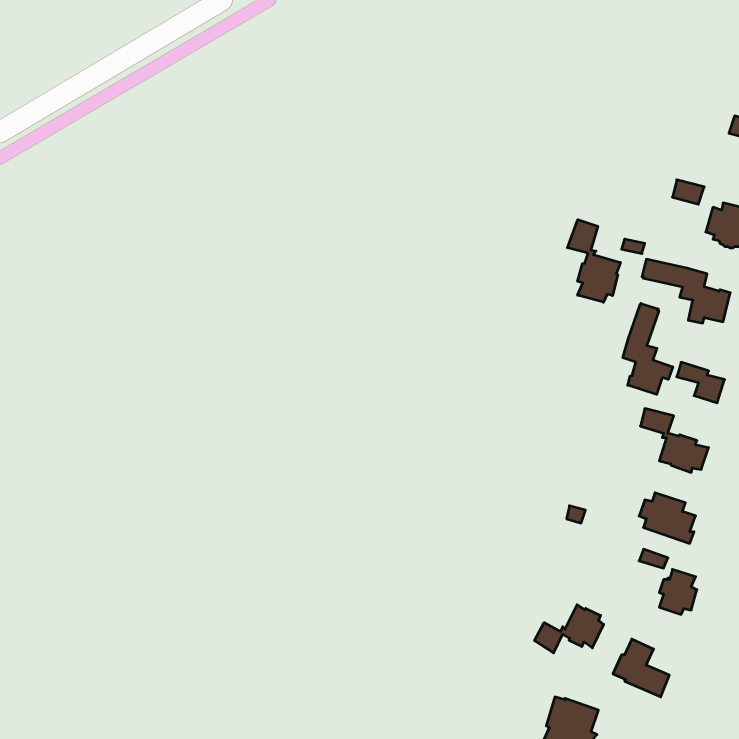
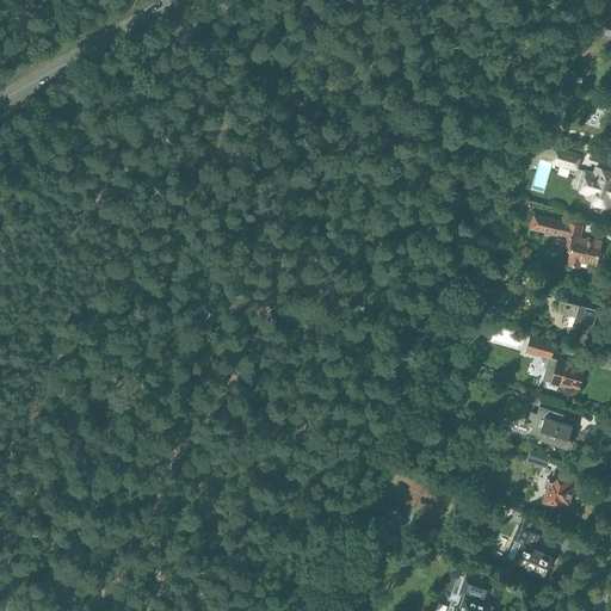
building: [567,220,620,302] -> none
building: [623,303,673,394] -> none
building: [535,605,604,653] -> none

